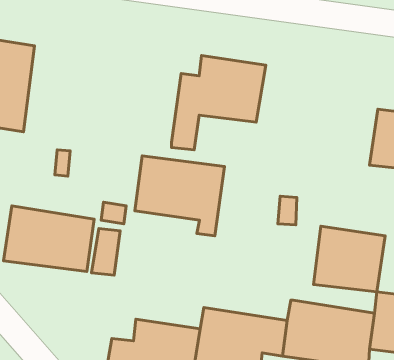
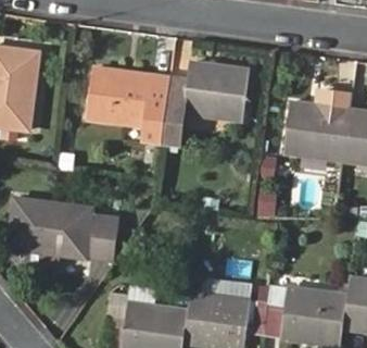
building: [135,156,224,236] -> [90,67,172,140]
building: [314,226,385,292] -> [286,101,351,161]

